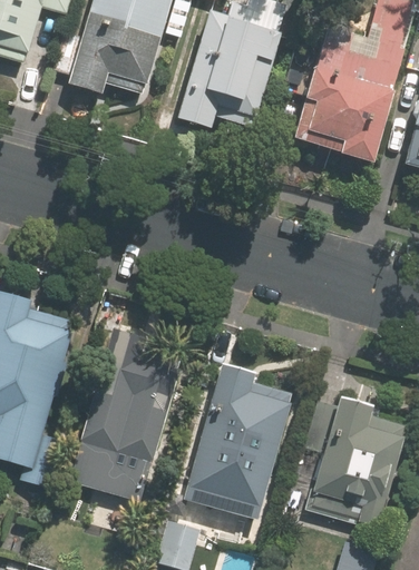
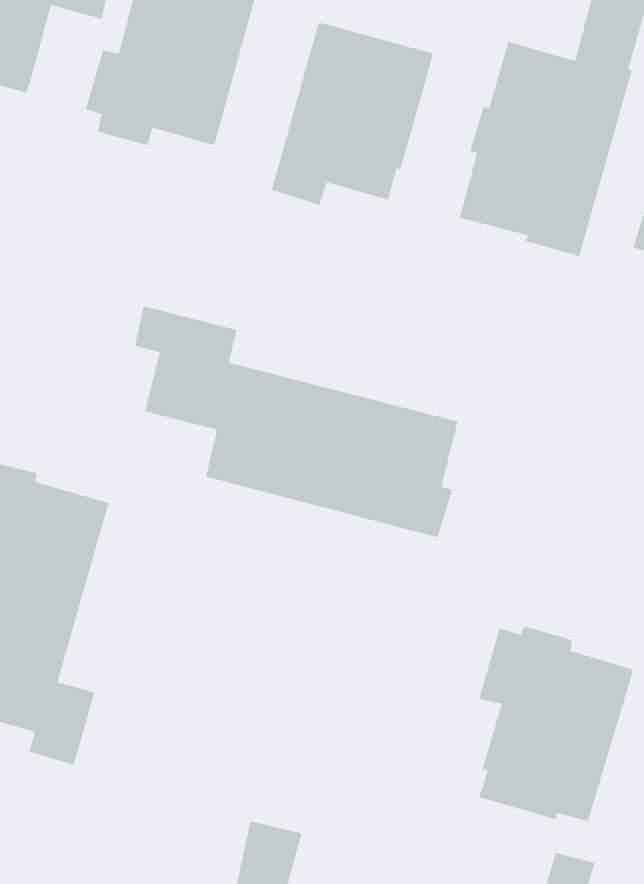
building: none -> [134,305,459,538]
building: [71,332,177,500] -> none
building: [184,365,295,518] -> none

